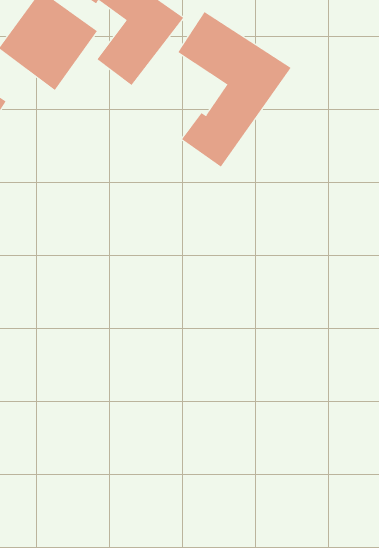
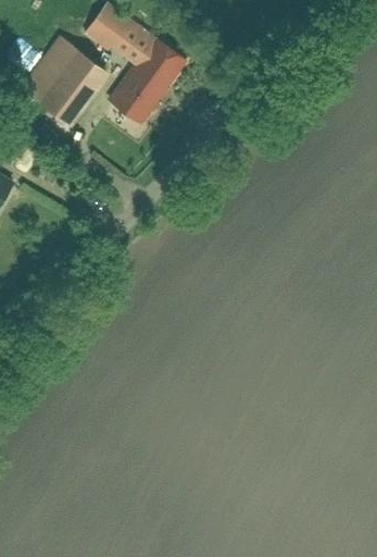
building: [178,11,291,167] -> none

